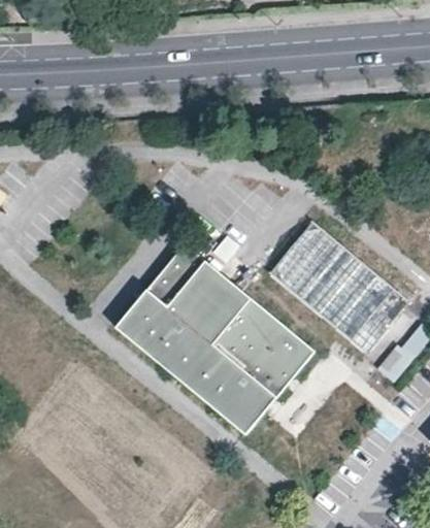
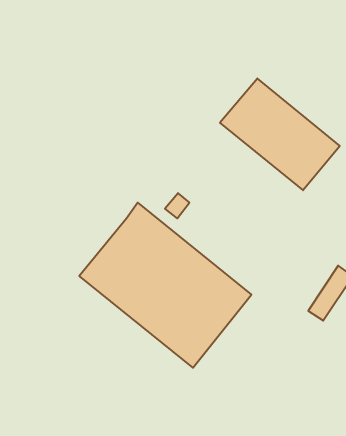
building: [267,219,408,351] -> [220,78,340,190]

